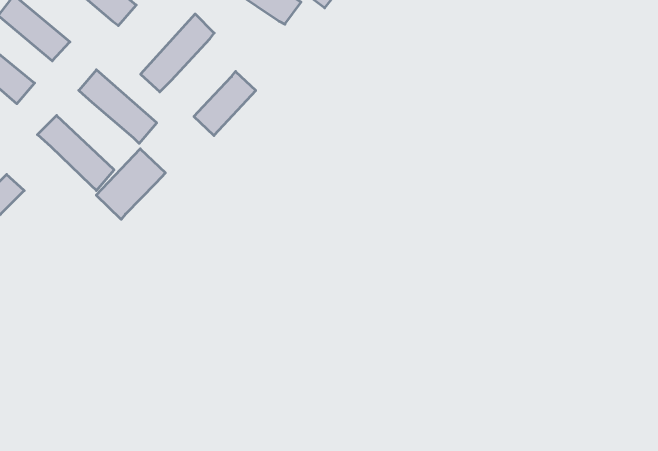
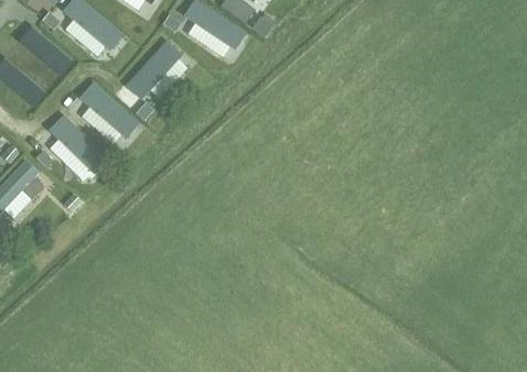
building: [194,71,256,136] -> none
building: [96,149,165,219] -> none

